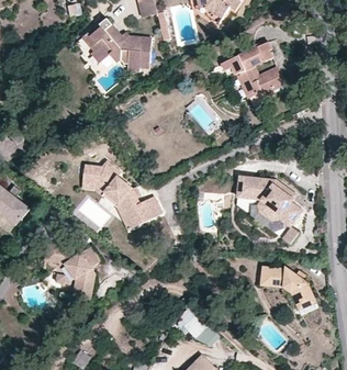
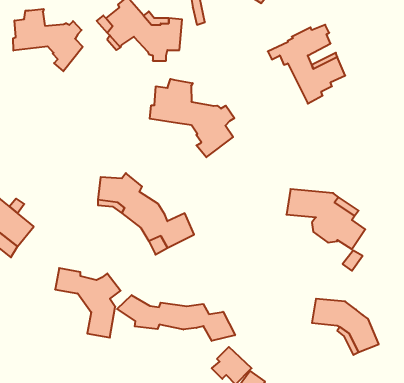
building: none -> [13,9,83,71]
building: none -> [150,79,234,157]
building: none -> [117,295,235,341]

